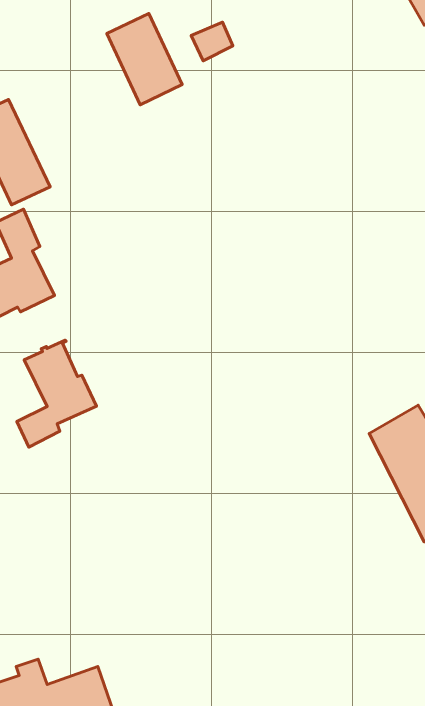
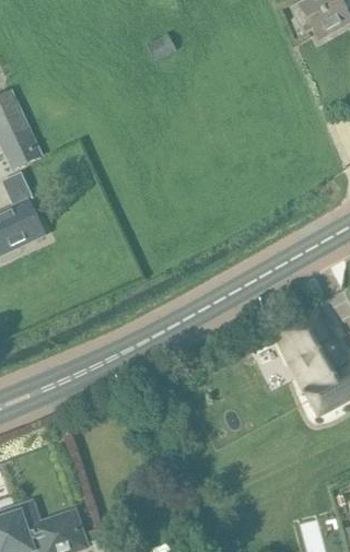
building: [107,13,182,105] -> none
building: [17,340,97,447] -> none

